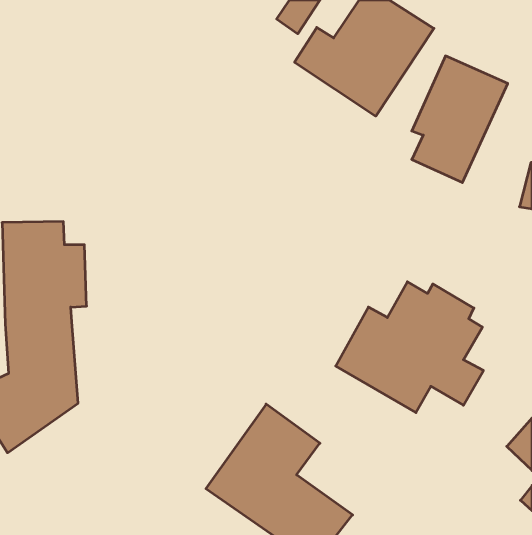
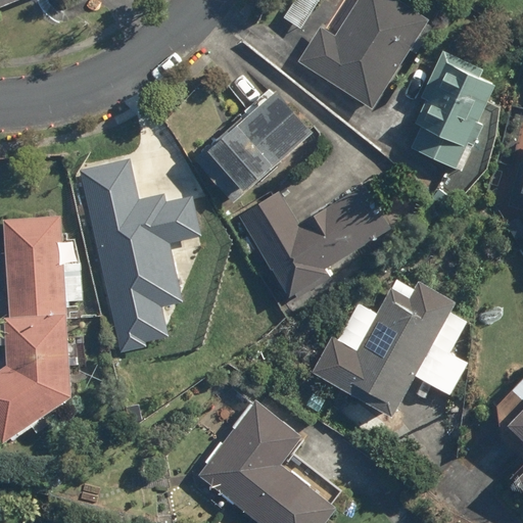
building: none -> [196,87,320,202]
building: none -> [78,157,202,348]
building: none -> [238,185,392,295]

